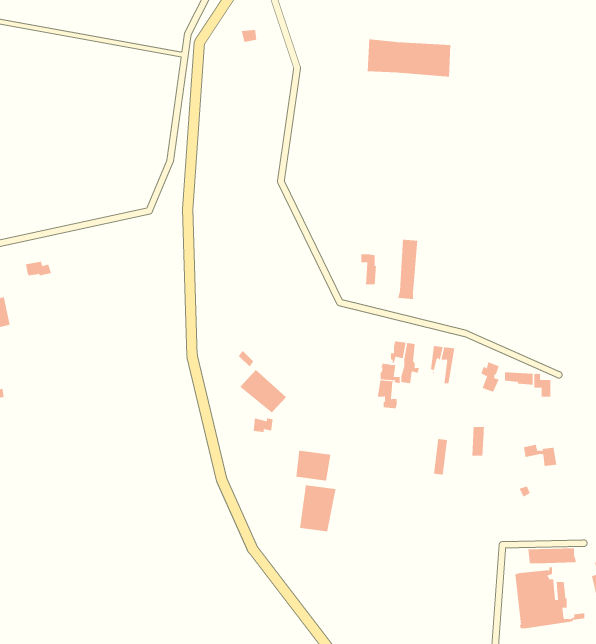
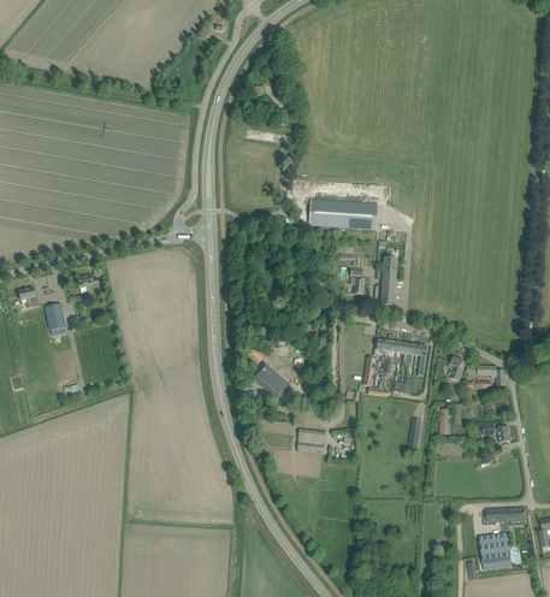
building: [367,39,451,77] -> [308,199,377,230]
building: [299,484,336,532] -> none

